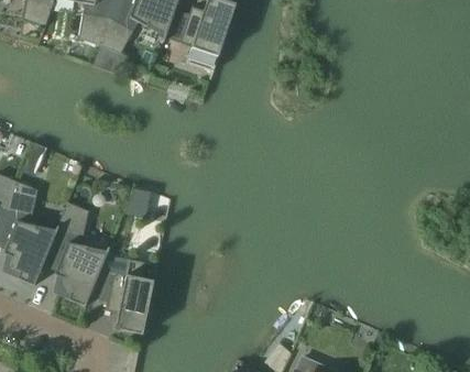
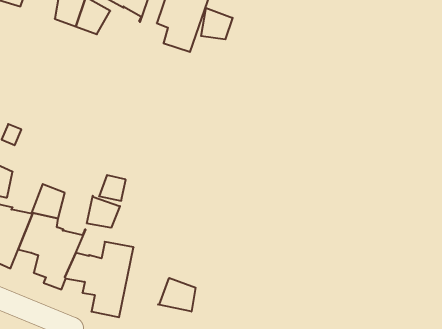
building: none -> [201,8,233,39]
building: none -> [87,196,120,228]
building: none -> [158,278,196,312]

